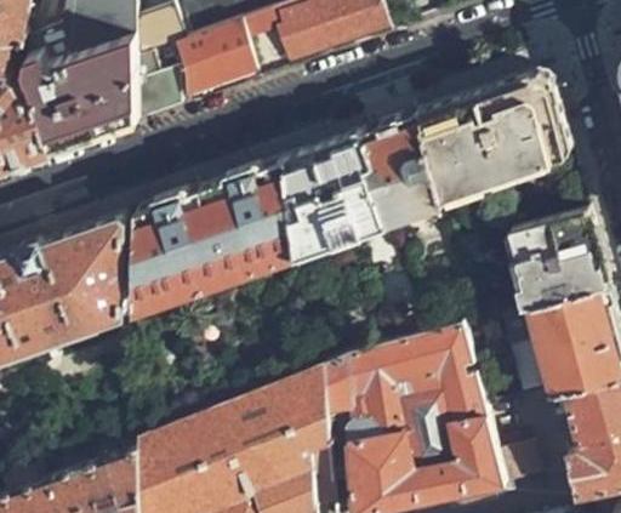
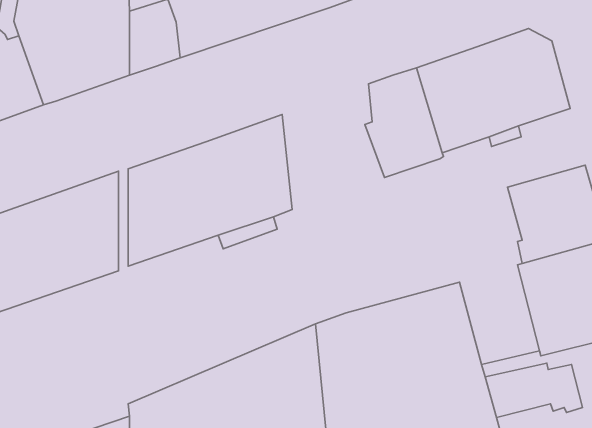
building: [286,131,387,255] -> none

